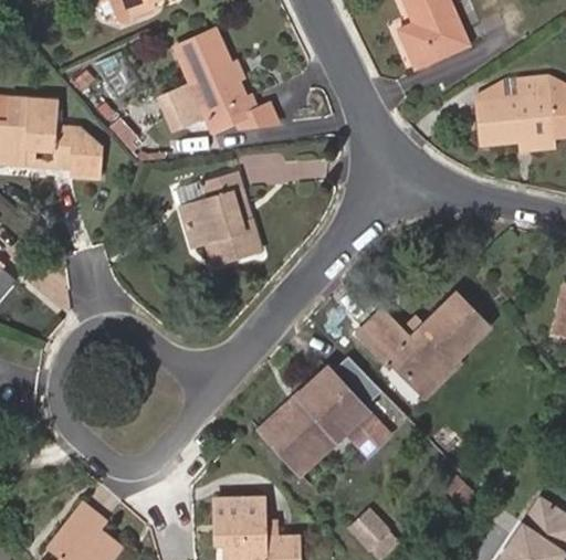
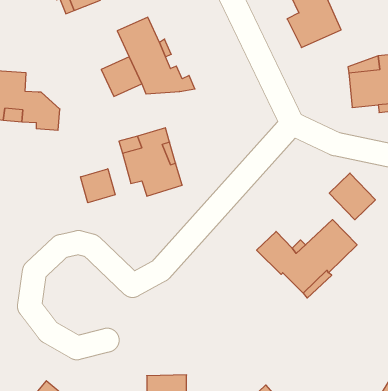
building: none -> [81,169,115,203]
building: none -> [329,173,375,220]
building: [264,359,391,469] -> none

